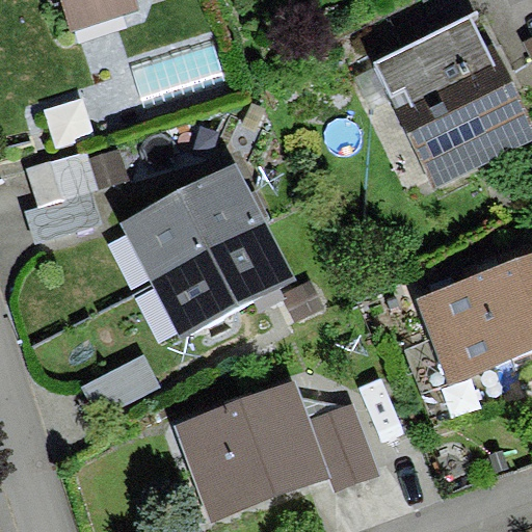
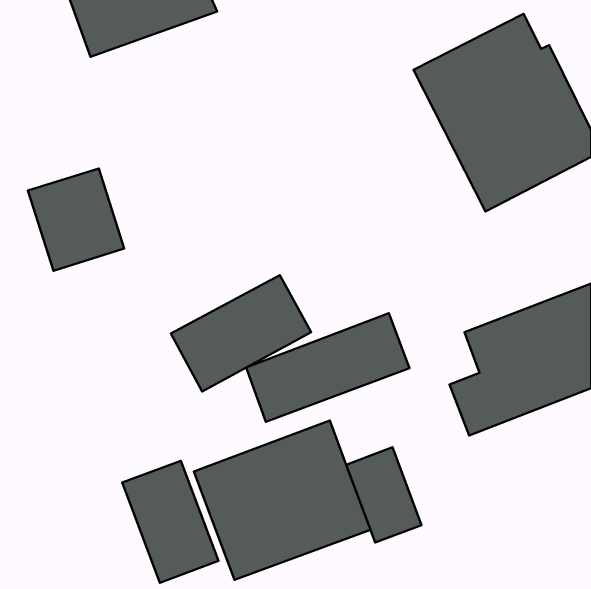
building: [125,194,250,298] -> none
building: none -> [246,313,410,422]
building: none -> [122,461,218,583]

